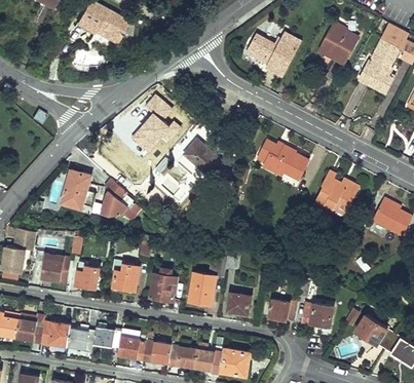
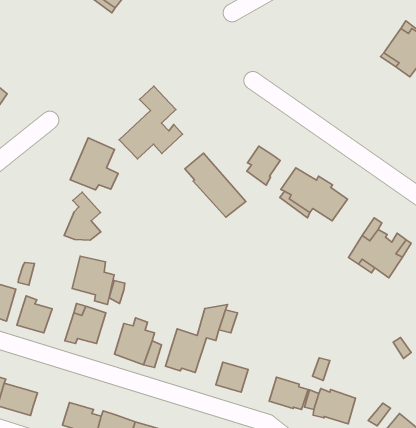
building: [249,34,300,75] -> none
building: none -> [247,146,280,185]
building: [61,170,96,208] -> [70,138,118,190]
building: none -> [72,256,114,305]
building: [93,328,121,348] -> none

